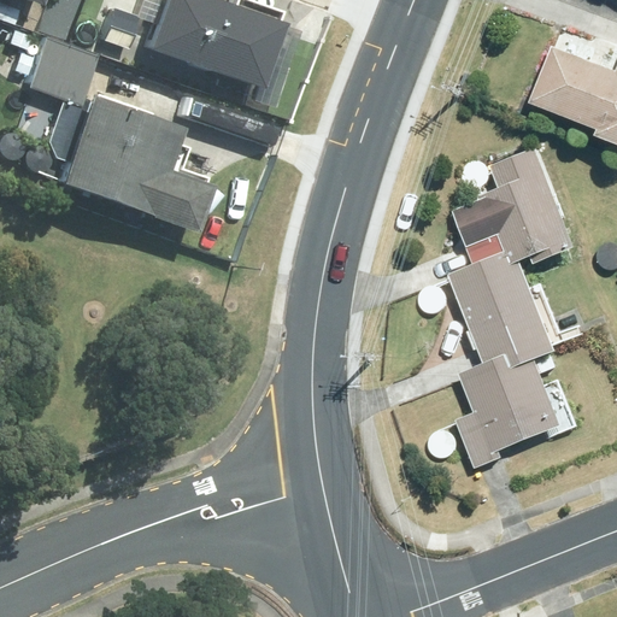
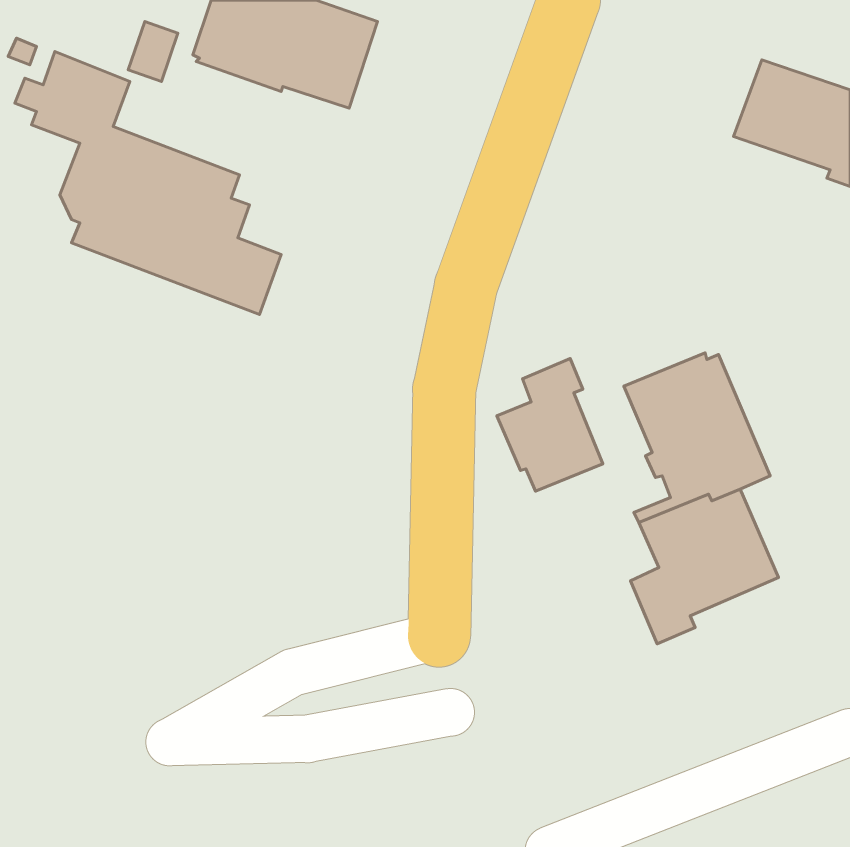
building: [449,147,576,282] -> none
building: none -> [497,359,603,491]

